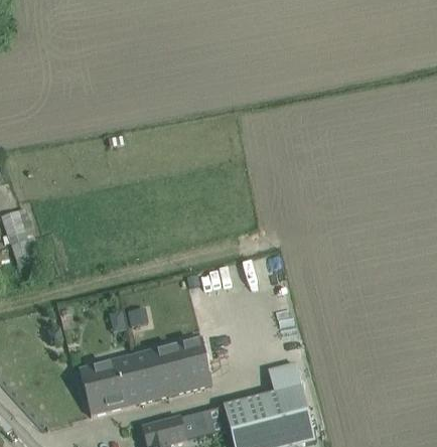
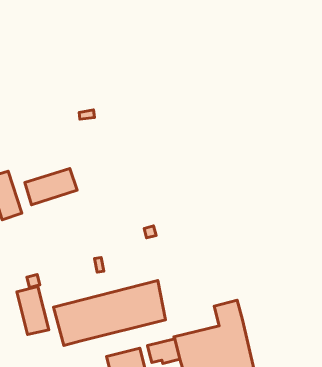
building: none -> [25,168,77,205]
building: none -> [17,286,49,335]

